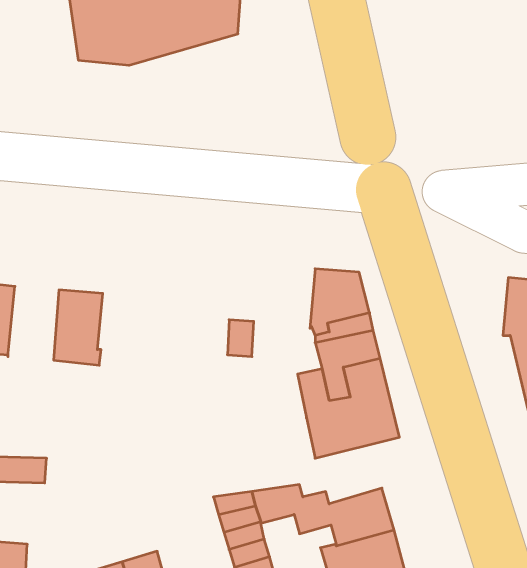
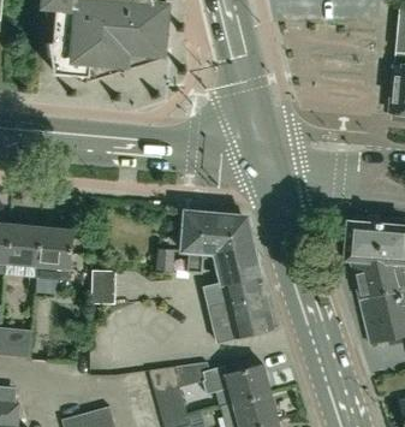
building: none -> [181,212,216,273]
building: none -> [6,225,41,275]
building: none -> [91,269,117,303]

